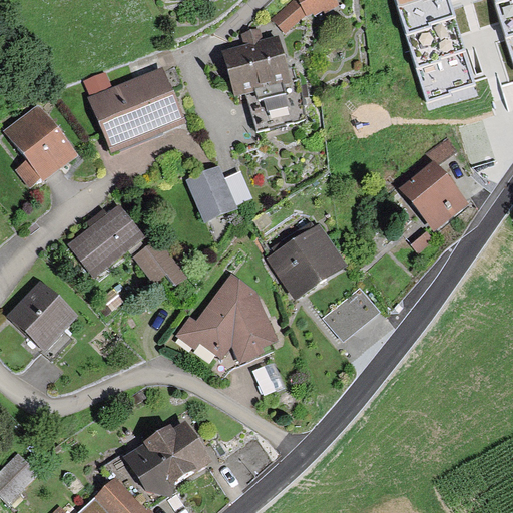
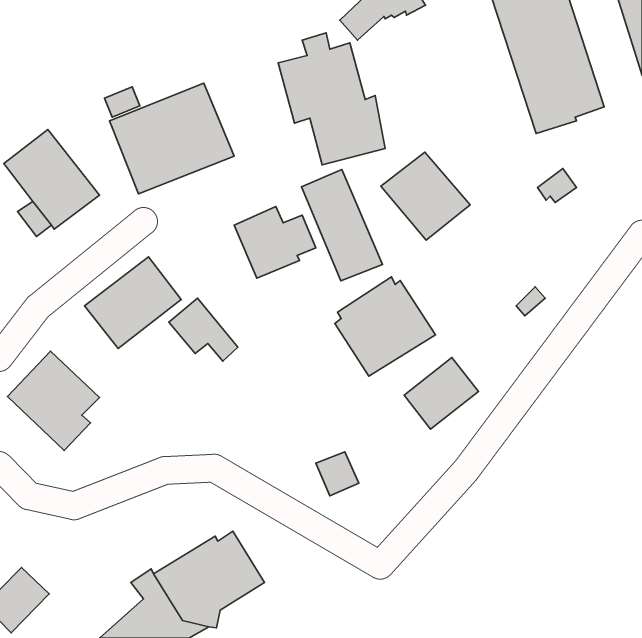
building: none -> [301,170,383,281]
building: [398,161,469,231] -> [381,152,470,240]
building: [175,273,279,364] -> none

